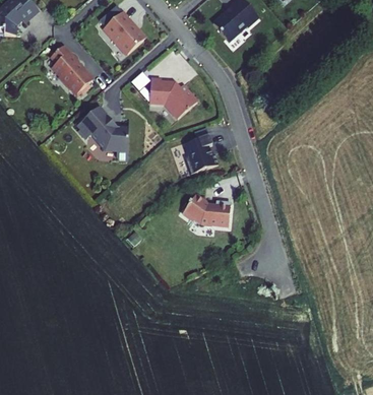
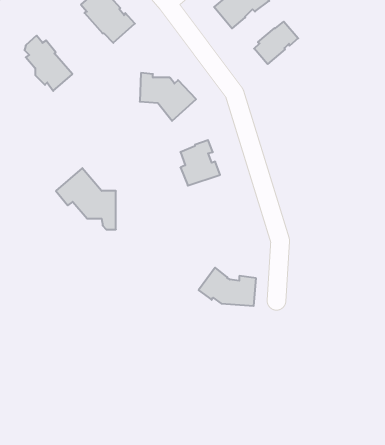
building: none -> [254,22,298,64]
building: [77,107,128,158] -> [56,168,116,229]
building: [182,194,231,226] -> [199,268,256,306]

